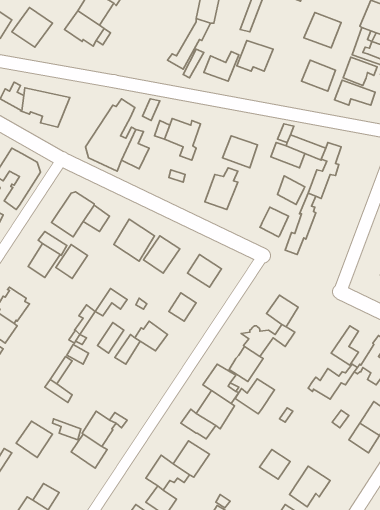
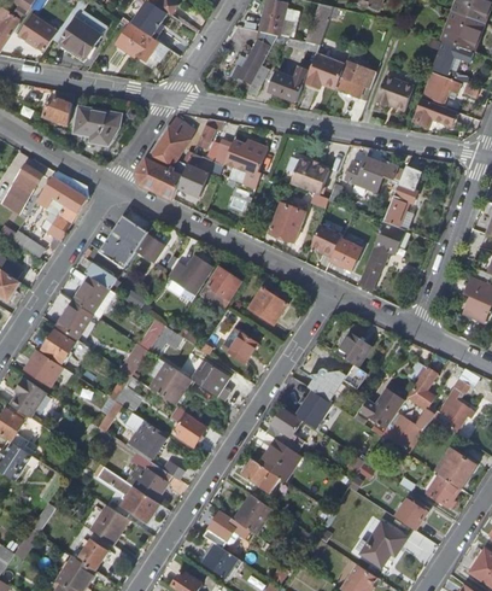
building: [304,13,341,48] -> [334,59,375,98]
building: [278,176,305,204] -> [311,222,341,253]
building: [56,245,88,279] -> [58,302,93,339]
building: none -> [174,415,206,446]
building: none -> [130,420,166,457]
building: [235,379,275,414] -> [362,390,405,428]
building: [16,421,52,457] -> [90,505,130,545]
building: [260,450,290,479] -> [394,497,428,529]

